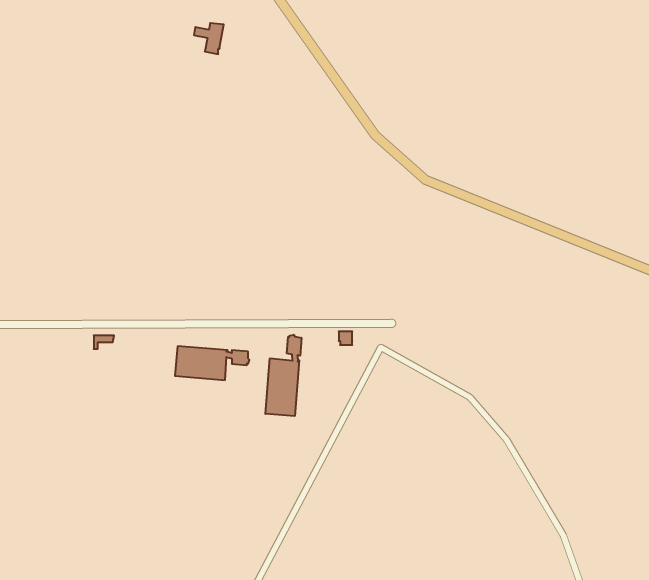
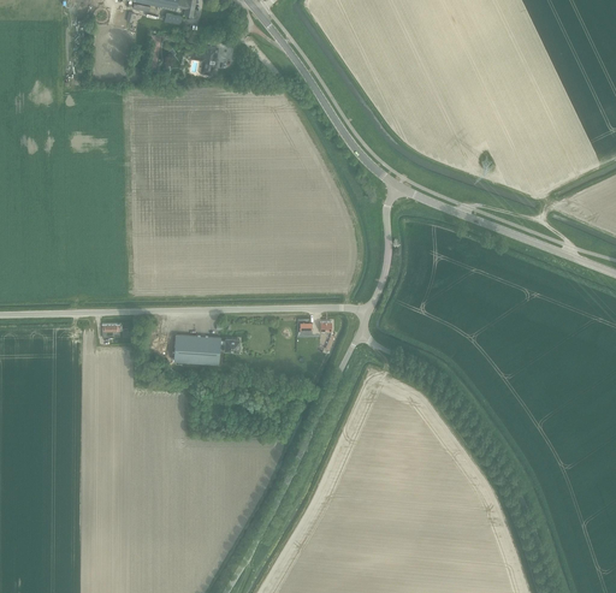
building: [265,335,301,416] -> none

